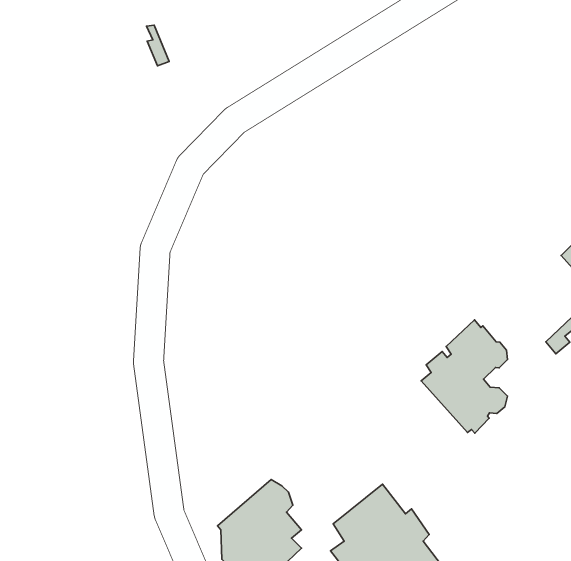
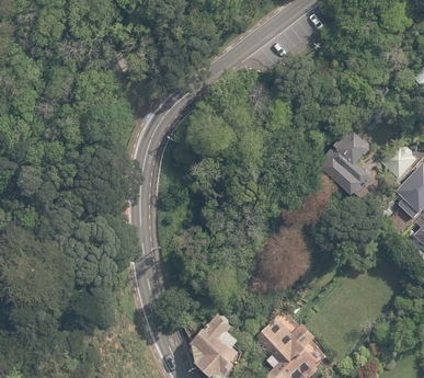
building: [421,320,508,433] -> [322,127,375,195]

